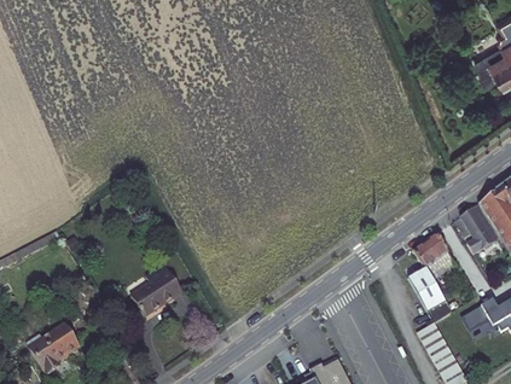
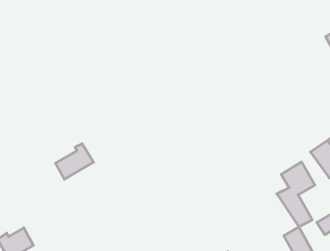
building: [129,269,181,318] -> [55,144,94,179]

